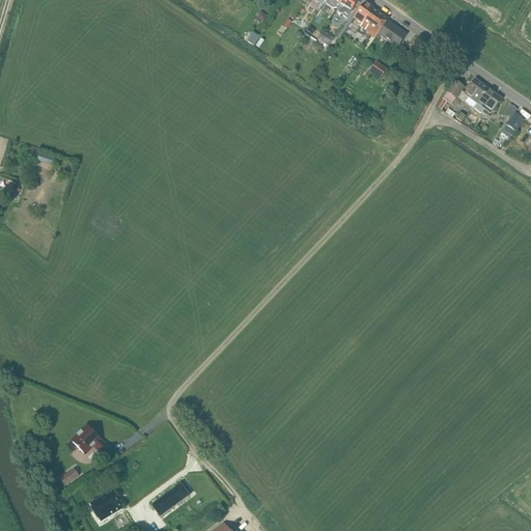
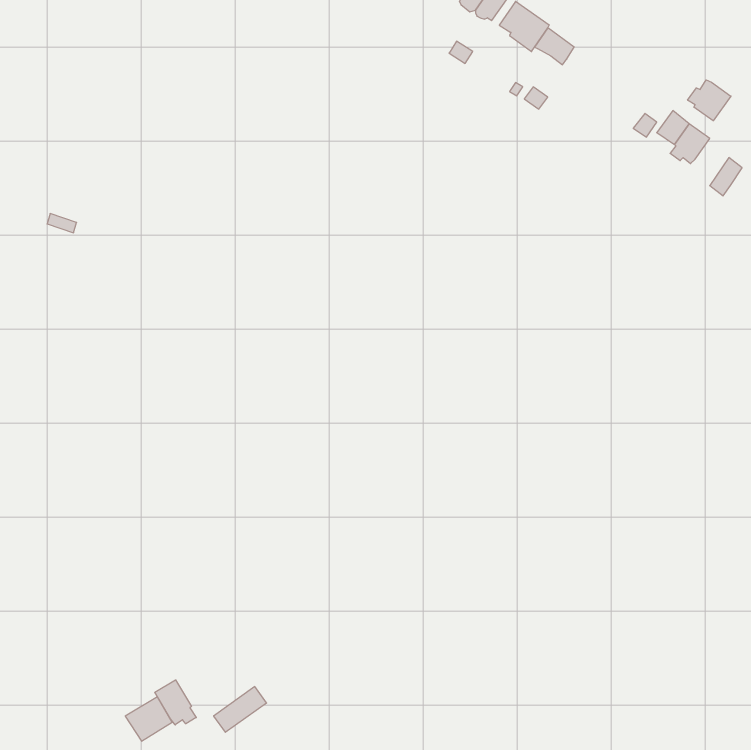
building: none -> [688,80,731,121]
building: [71,425,107,453] -> none
building: none -> [155,680,196,725]

